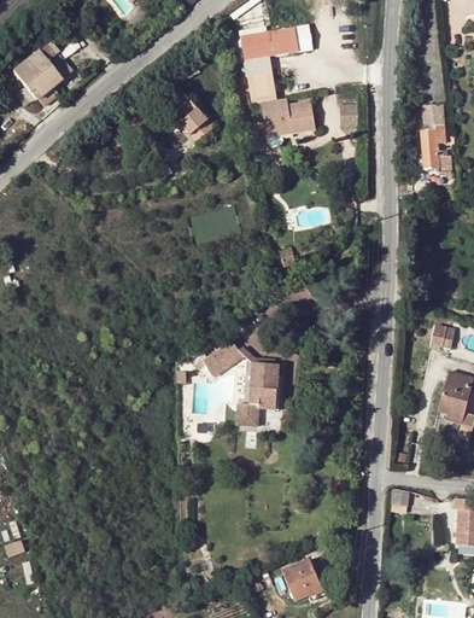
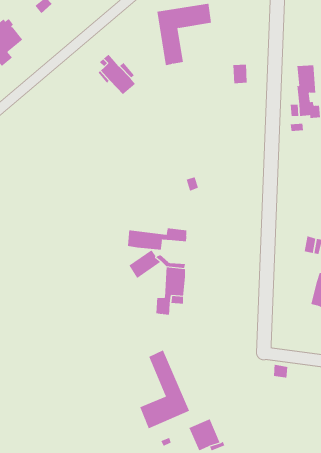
building: [261,99,315,147] -> none
building: none -> [127,228,187,251]
building: none -> [139,350,190,429]

